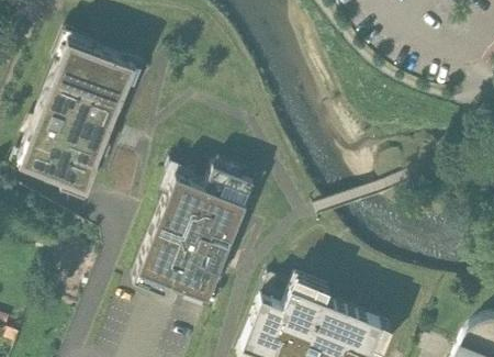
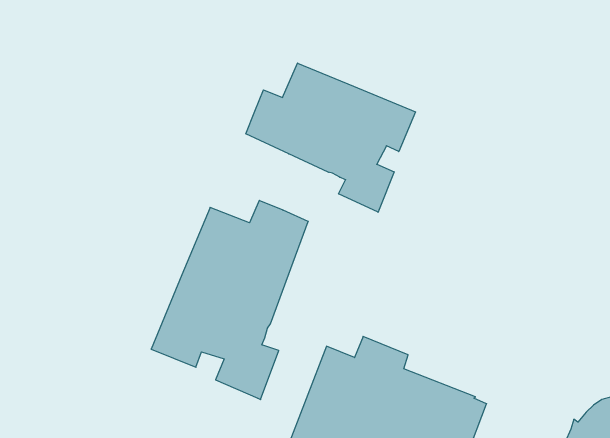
building: [21,42,139,193] -> none
building: none -> [246,63,416,212]

